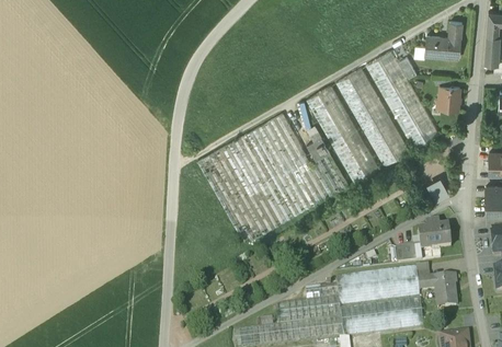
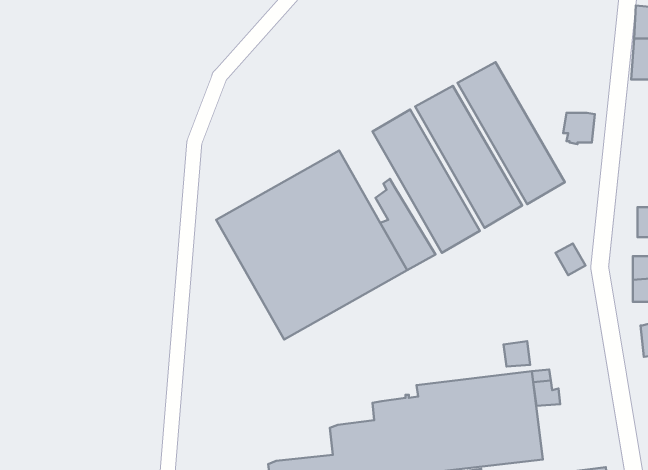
building: [425,21,463,57] -> none
building: [419,220,452,250] -> none
building: [435,275,457,308] -> none

